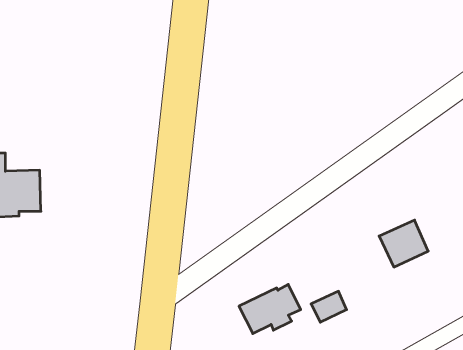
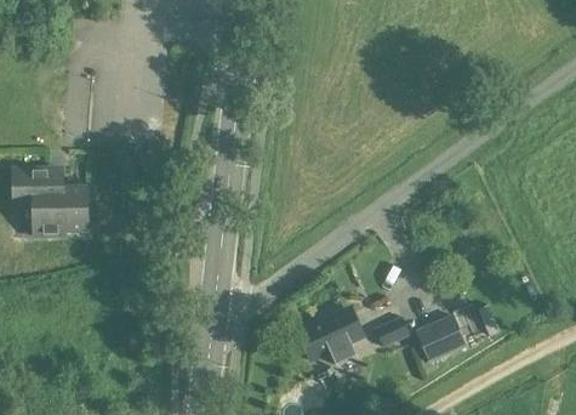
building: [379,220,428,267] -> [415,313,467,363]

